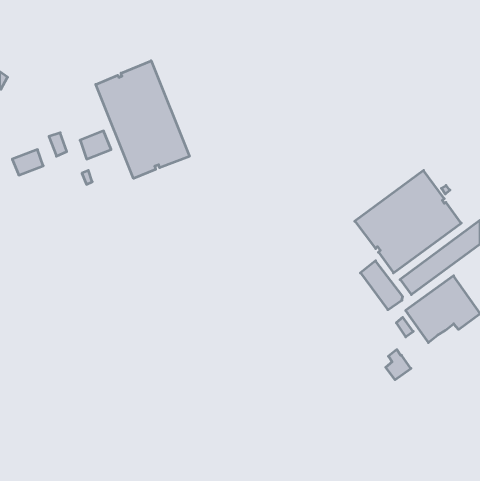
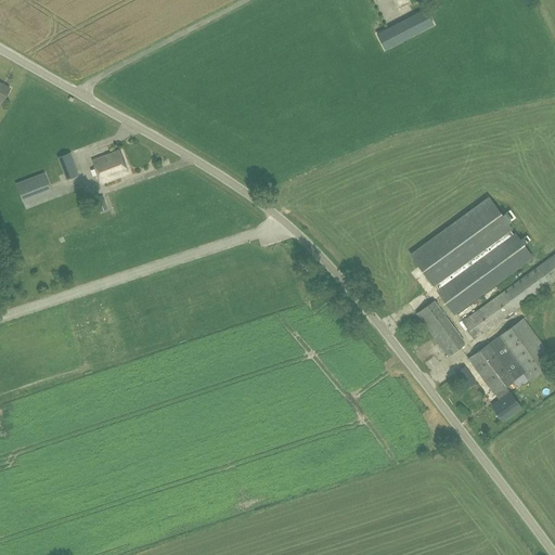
building: none -> [376,9,433,50]
building: [96,61,189,178] -> none
building: [386,350,411,380] -> [491,386,520,421]

